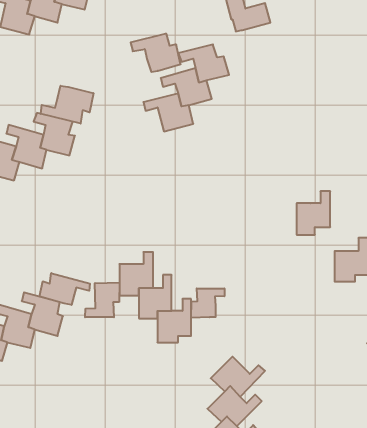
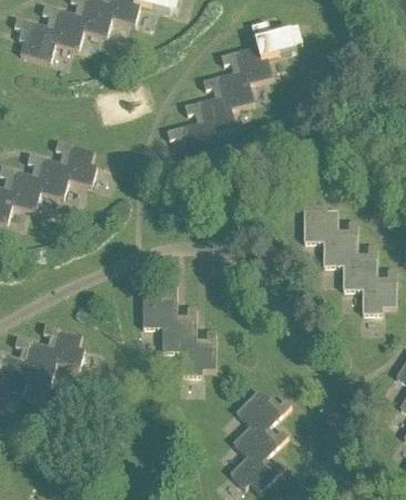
building: [131,34,181,72] -> [221,47,272,85]
building: [41,86,93,124] -> none
building: none -> [303,202,337,242]
building: none -> [342,246,376,290]
building: [40,273,90,305] -> none
building: [85,282,119,317] -> none
building: [191,288,224,318] -> none

